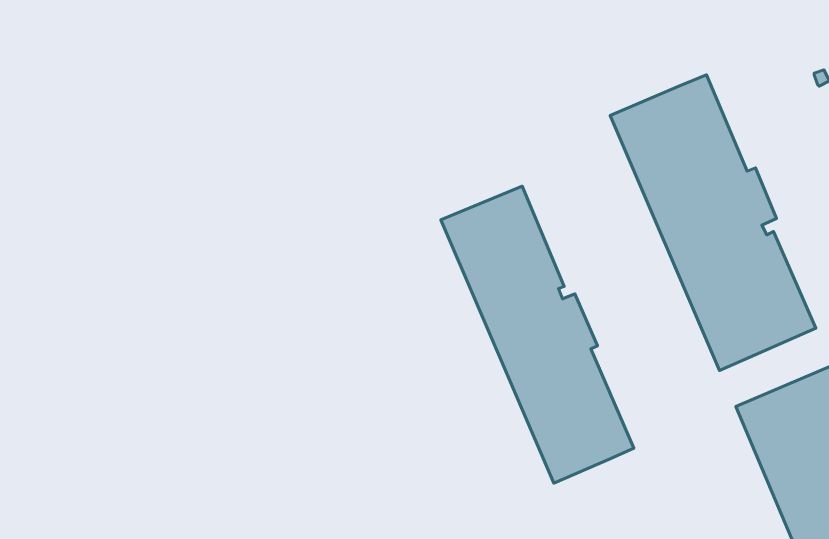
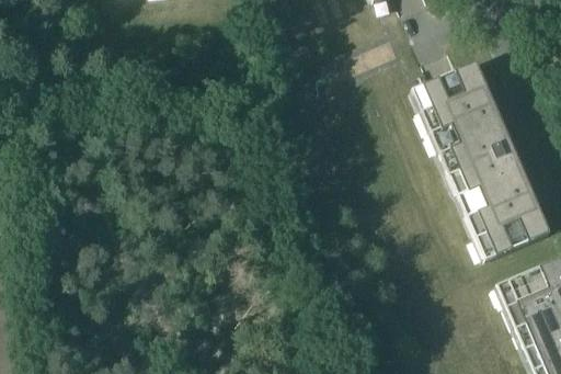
building: [441,186,634,483] -> none

